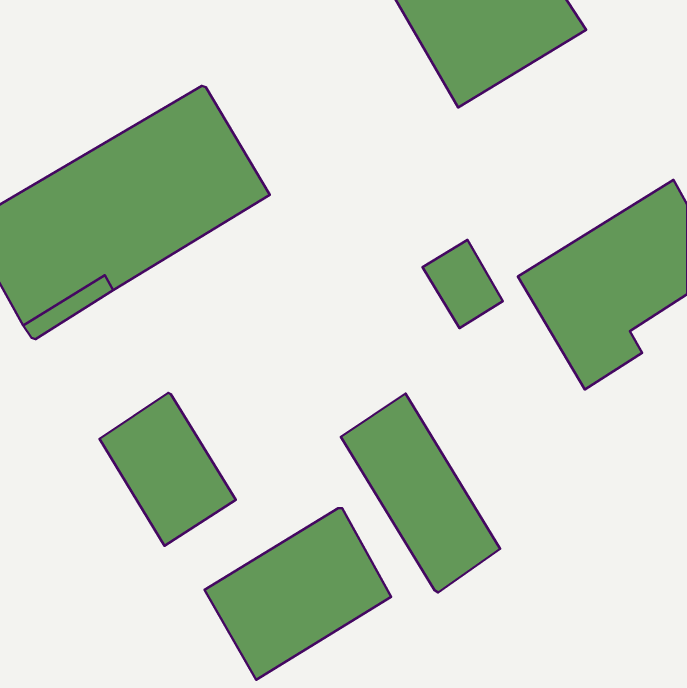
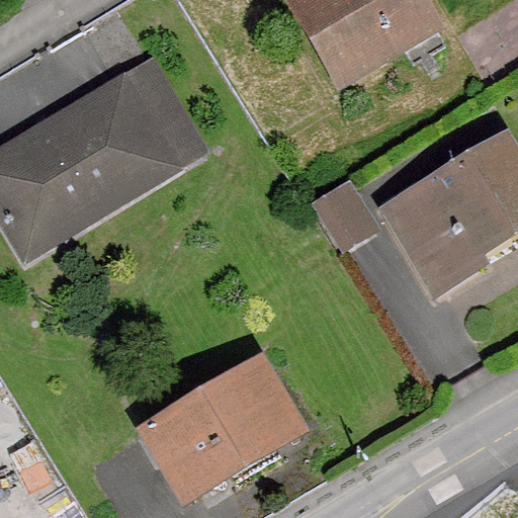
building: [99,393,236,546] -> none
building: [341,394,500,593] -> none

